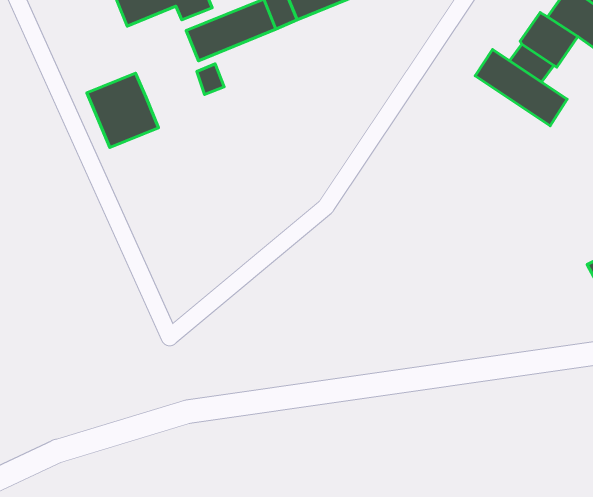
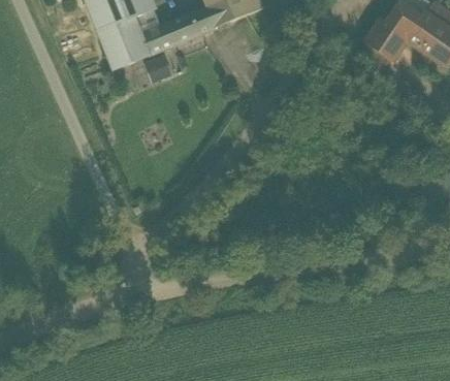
building: [475,49,567,126] -> none
building: [87,73,158,148] -> [99,17,148,67]

